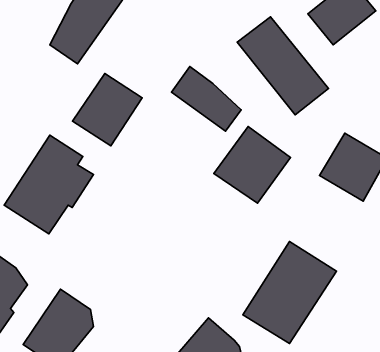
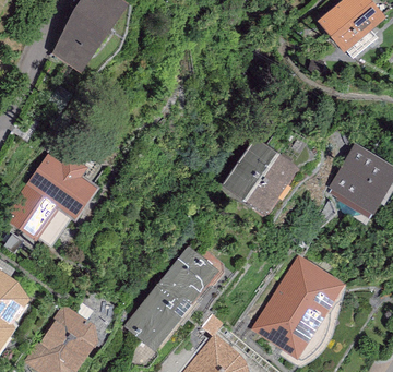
building: [237,17,328,115] -> none
building: [172,66,241,131] -> none
building: [72,74,142,146] -> none
building: none -> [123,247,219,351]

